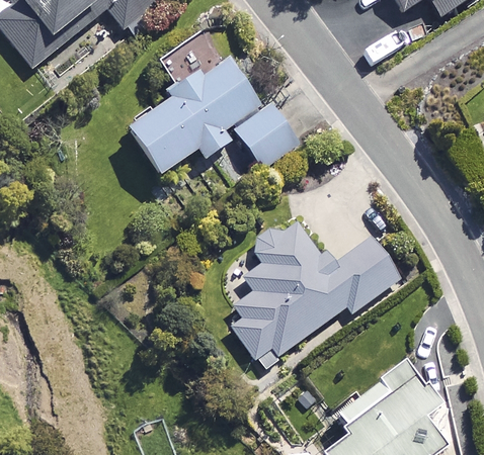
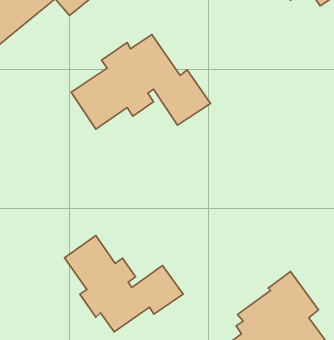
building: [233,219,403,368] -> none
building: none -> [64,235,183,332]

